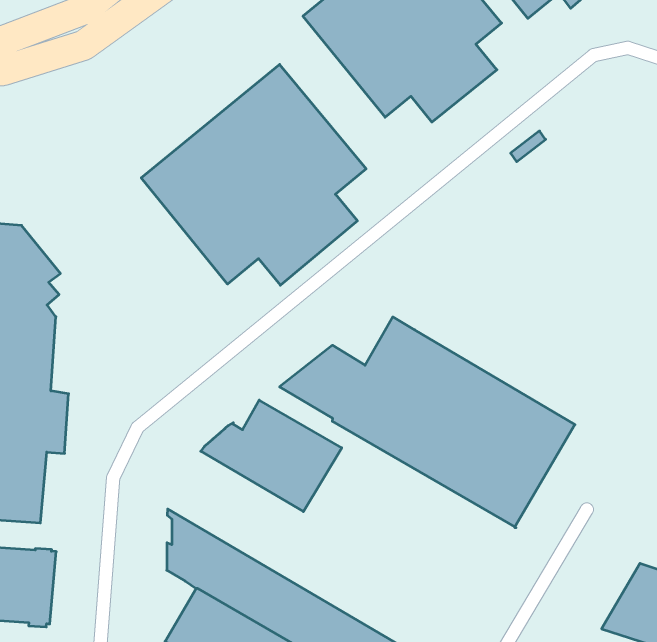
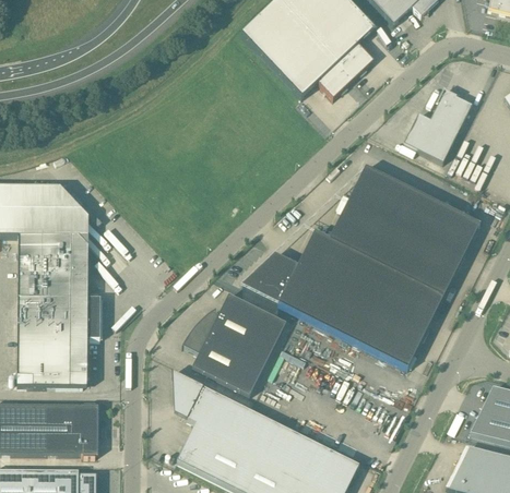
building: [141,64,366,285] -> none
building: none -> [403,89,472,163]
building: none -> [330,167,478,296]
building: none -> [181,330,263,395]

